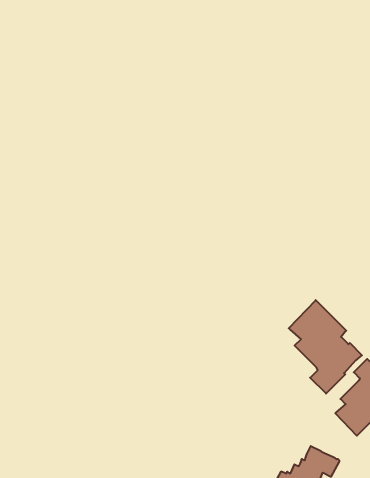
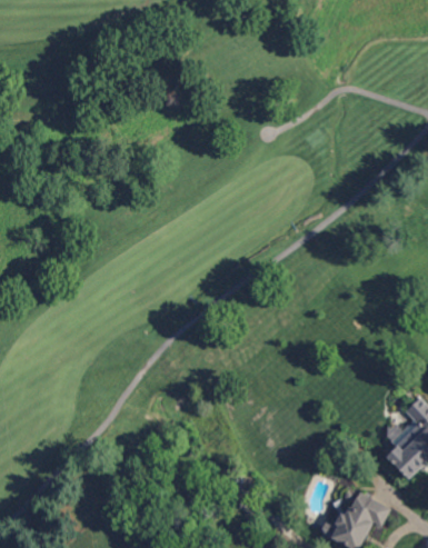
building: [289,300,362,394] -> none

